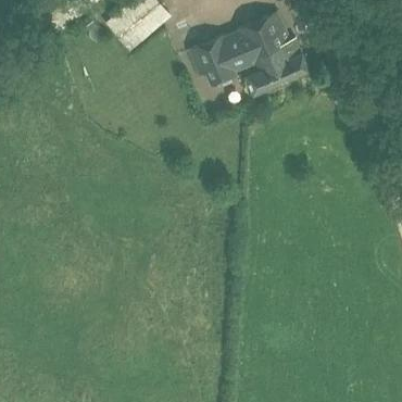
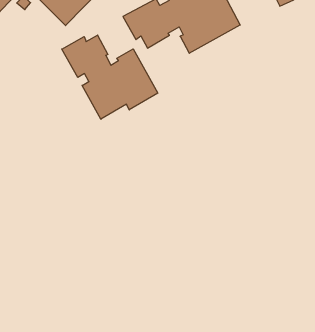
building: none -> [62,35,158,119]

